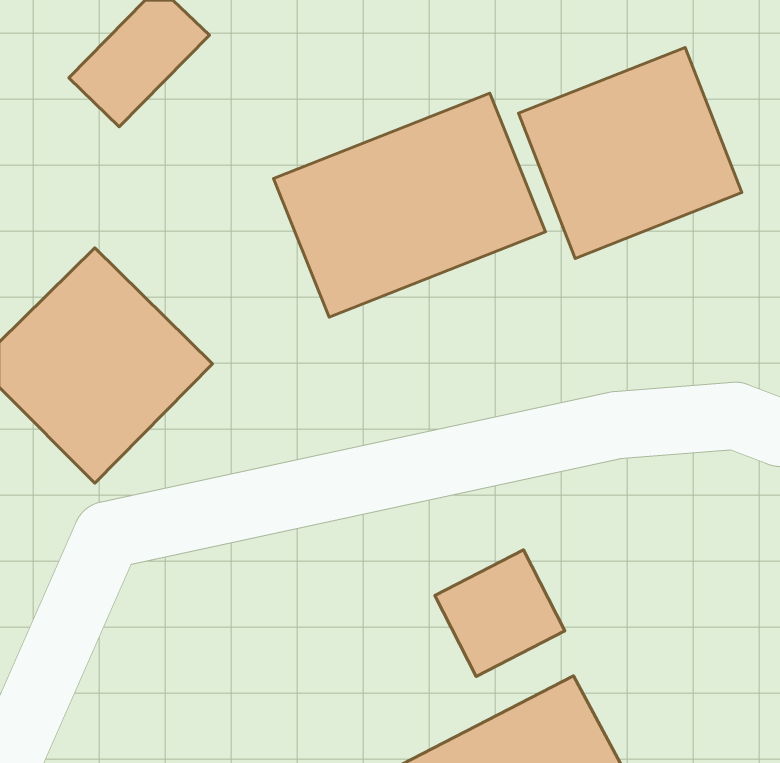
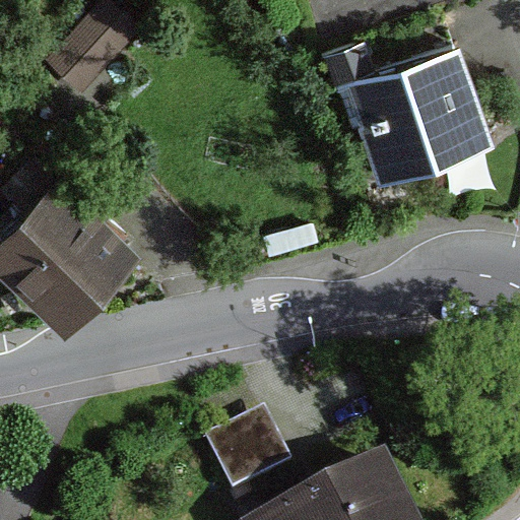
building: [273,93,545,317] -> none
building: [435,550,565,677] -> [205,417,291,502]

